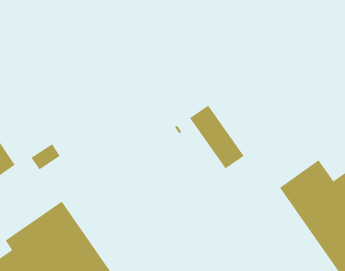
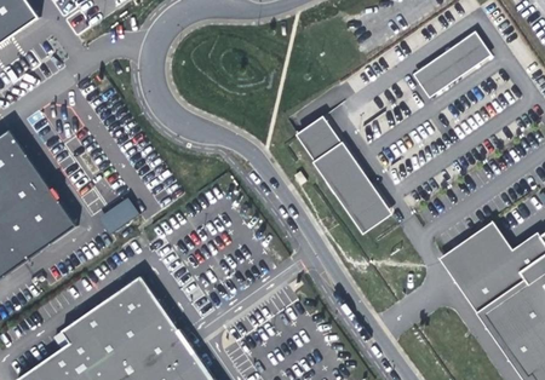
building: none -> [414,31,492,97]
building: none -> [296,116,342,162]

